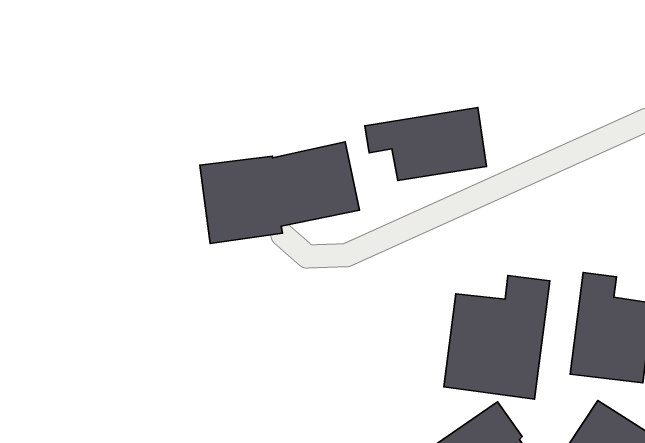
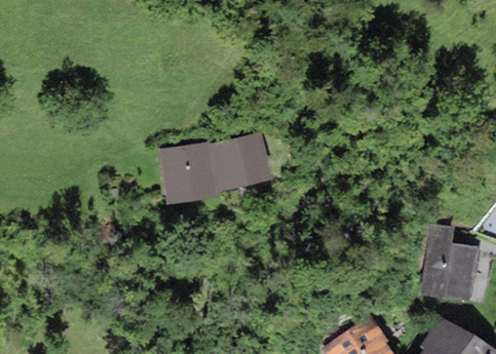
building: [365,108,487,181] -> none
building: [444,275,550,399] -> none

